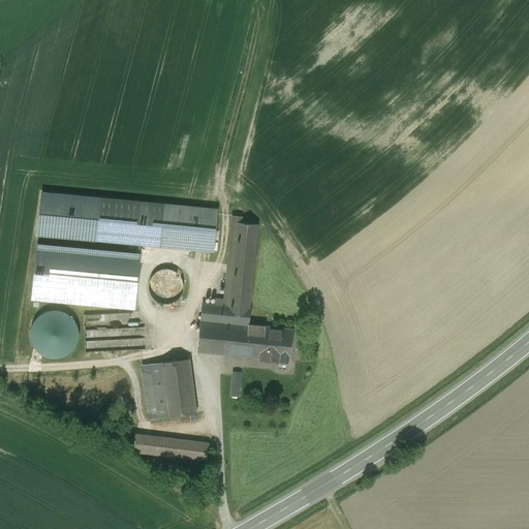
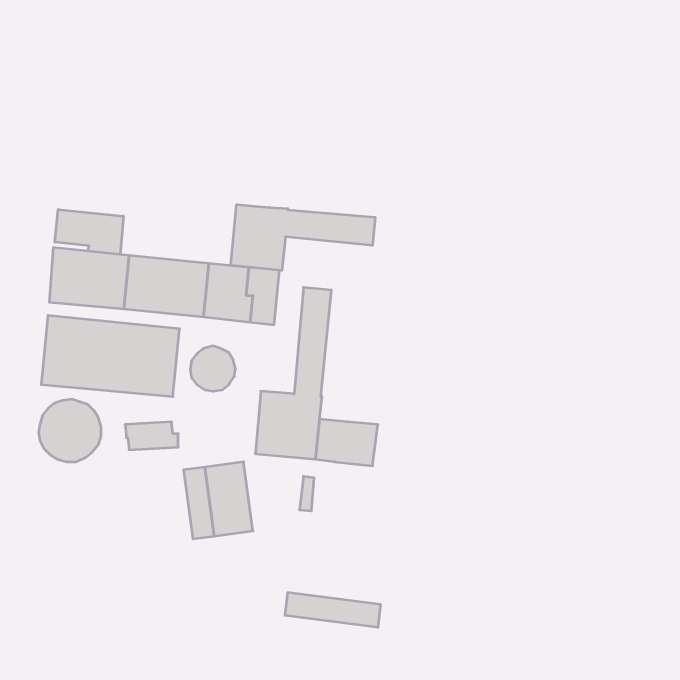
building: none -> [231,205,375,270]
building: none -> [55,209,123,254]
building: [133,434,208,461] -> [285,593,381,627]

